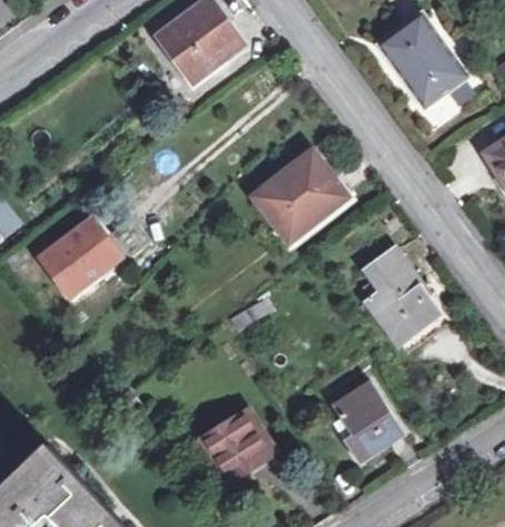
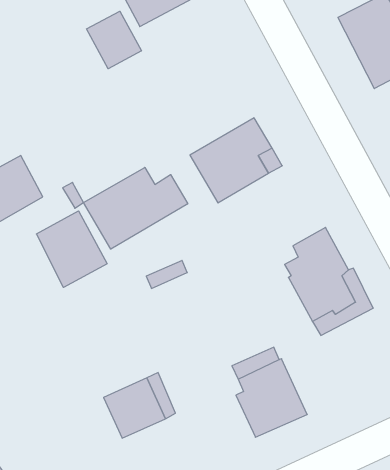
building: none -> [87,11,141,69]
building: none -> [84,167,188,249]
building: none -> [36,211,107,287]

